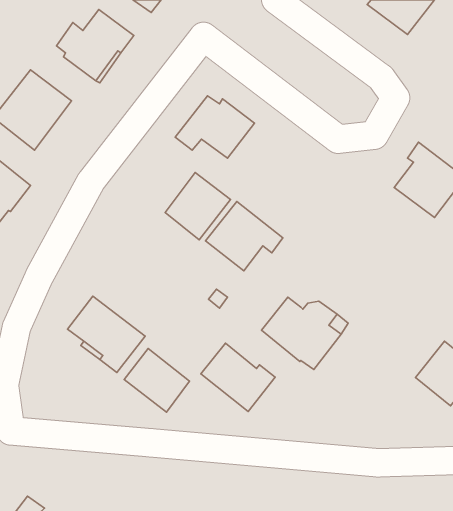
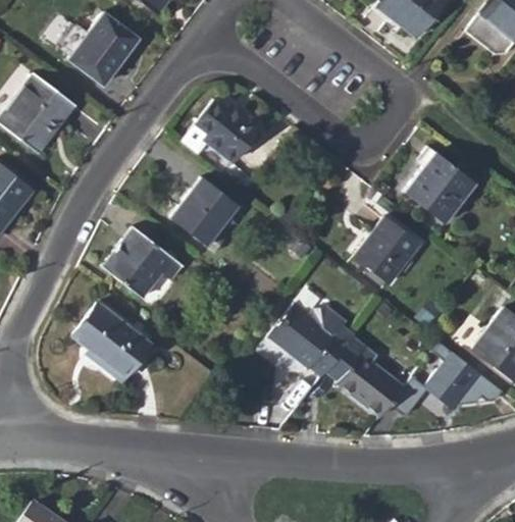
building: [206,202,283,271] -> [103,228,182,299]
building: none -> [354,217,420,283]
building: none -> [338,348,404,417]
building: [201,343,275,411] -> none
building: [124,349,190,412] -> none

